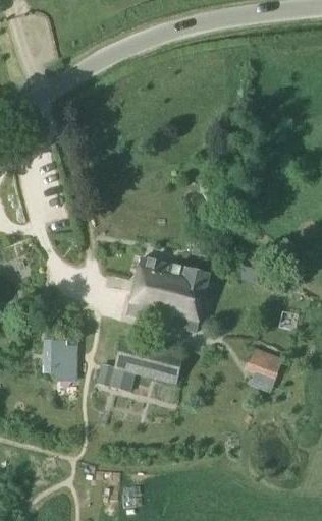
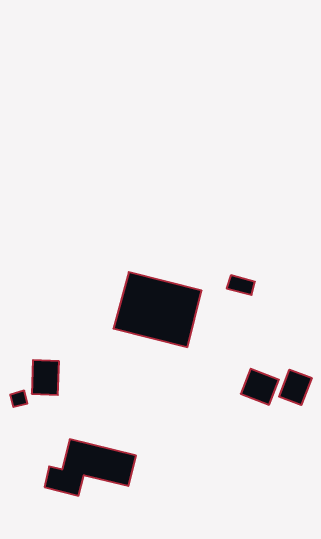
building: [98,340,183,393] -> [45,439,136,496]
building: none -> [279,370,312,405]

